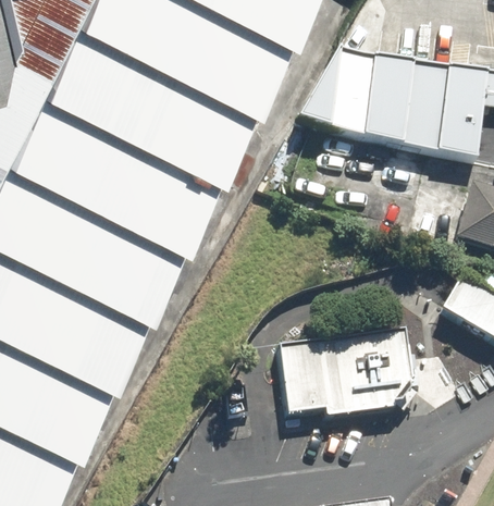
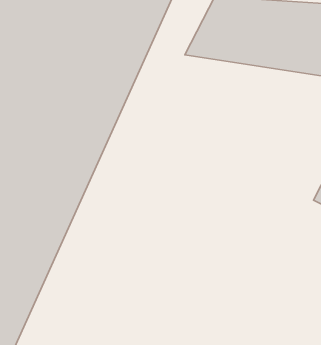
building: [277,329,417,418] -> none

